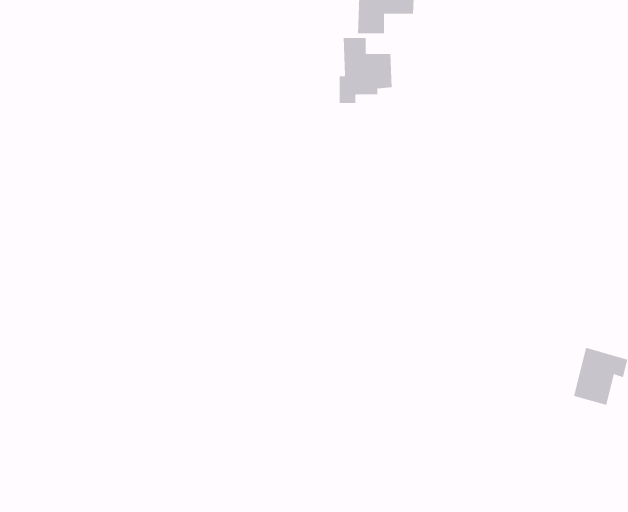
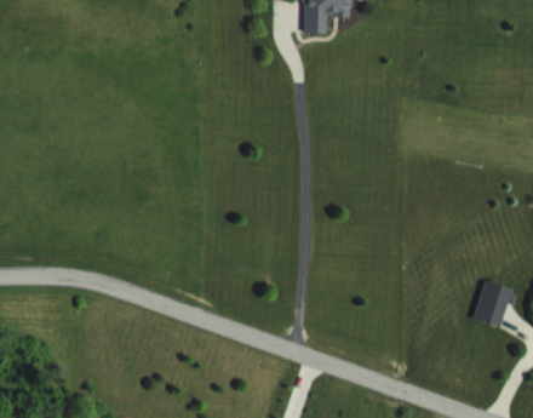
building: [339,37,392,104] -> none

